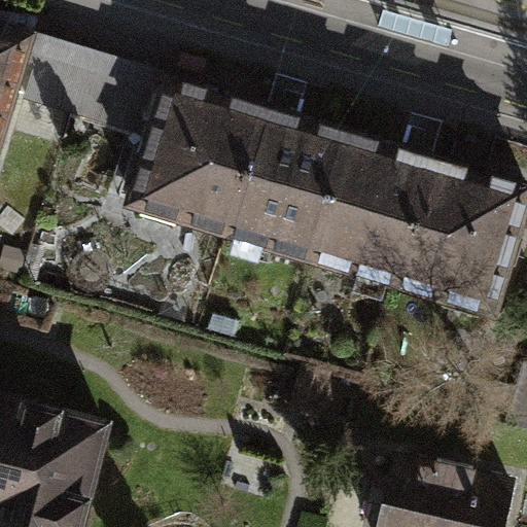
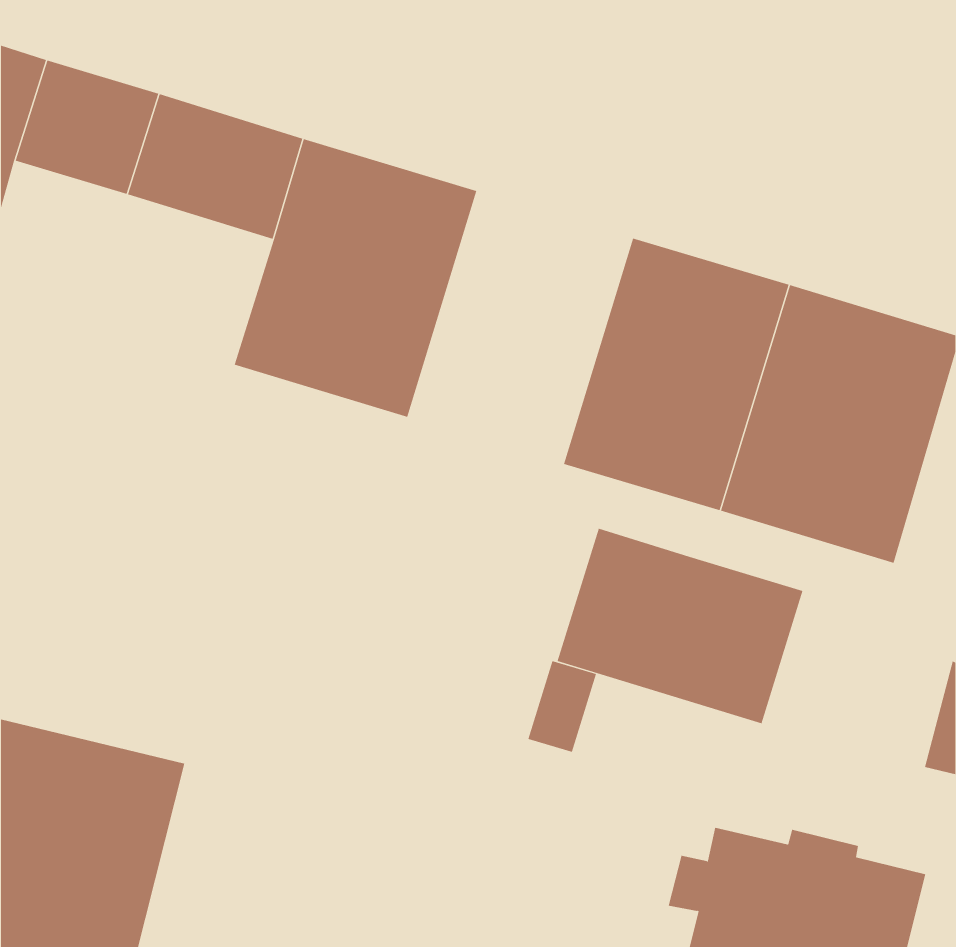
building: [224,110,348,260] -> none
building: none -> [557,528,803,724]

